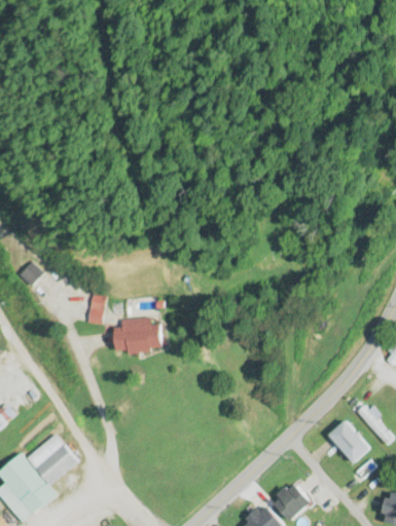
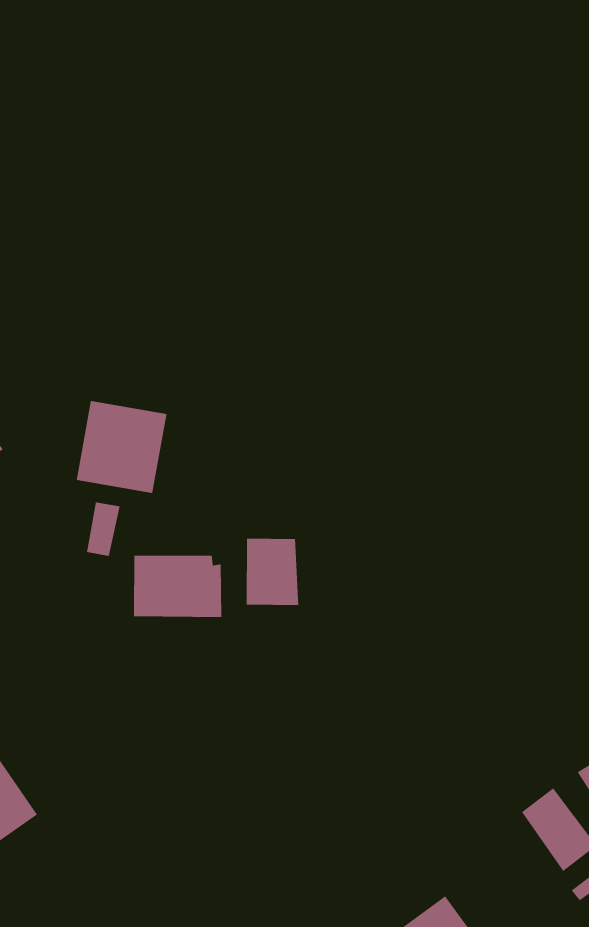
building: none -> [76,400,167,494]
building: none -> [246,538,299,606]

